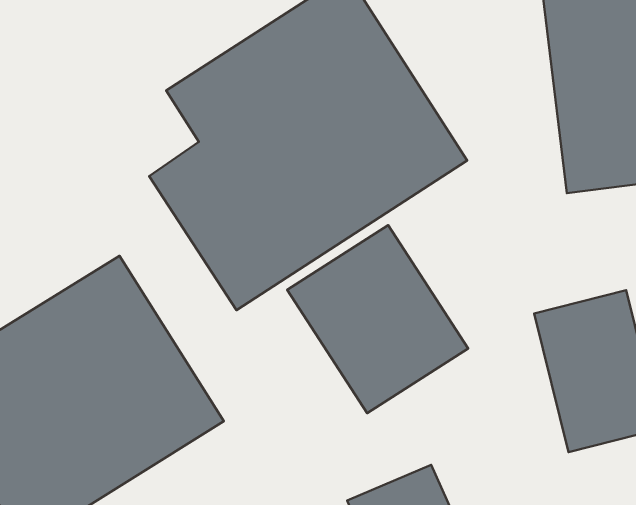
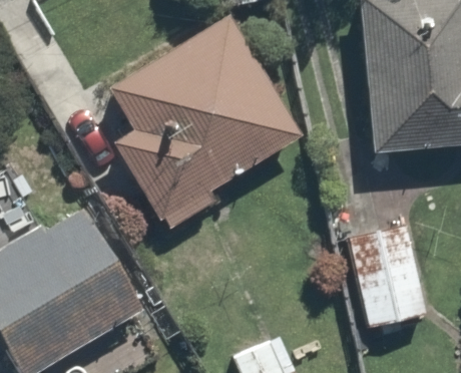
building: [287,225,468,413] -> none

